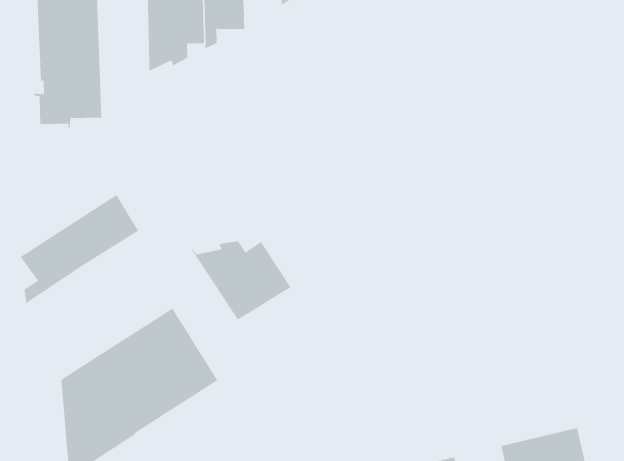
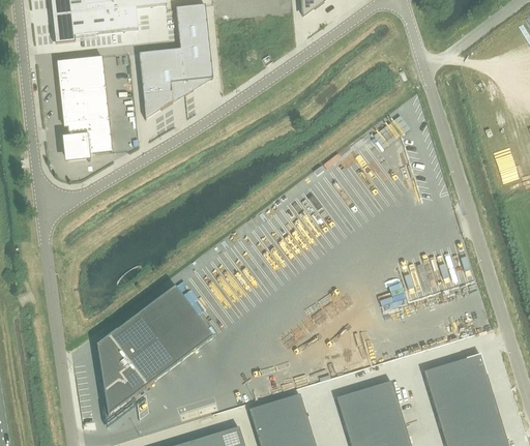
building: [20,194,139,304] -> none
building: [191,240,291,321] -> none

